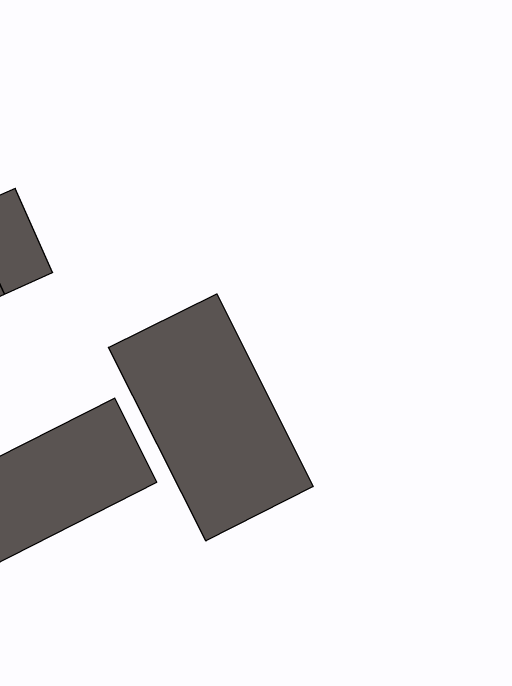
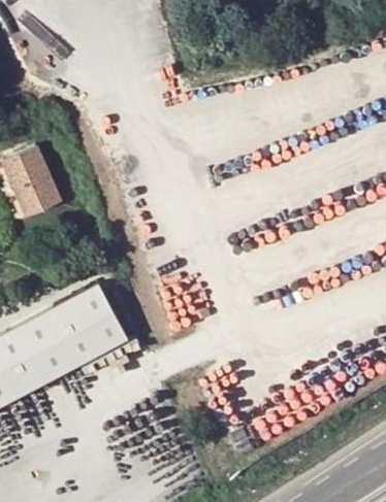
building: [108,294,313,541] -> none

